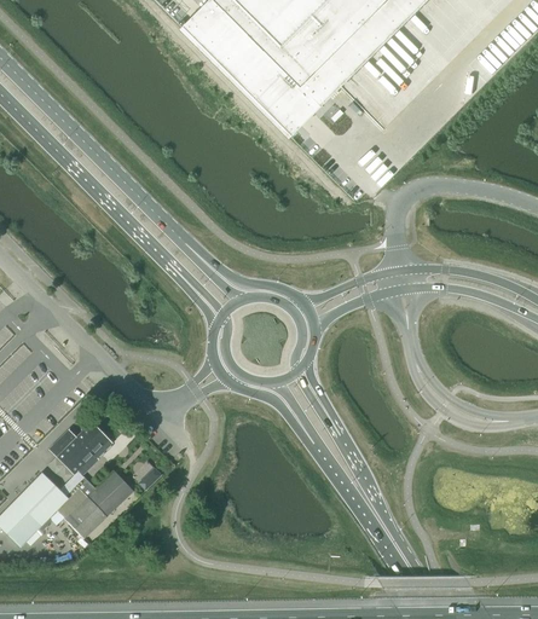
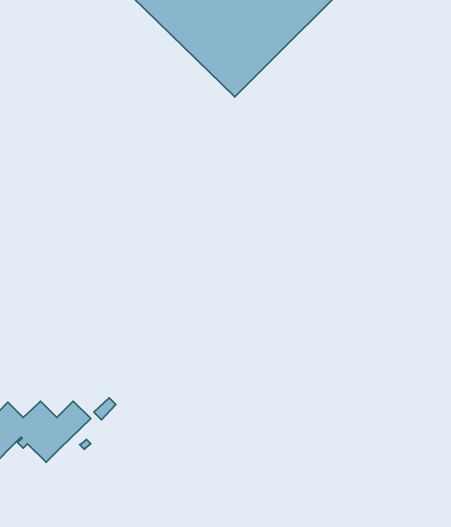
building: [50,422,112,475] -> none

